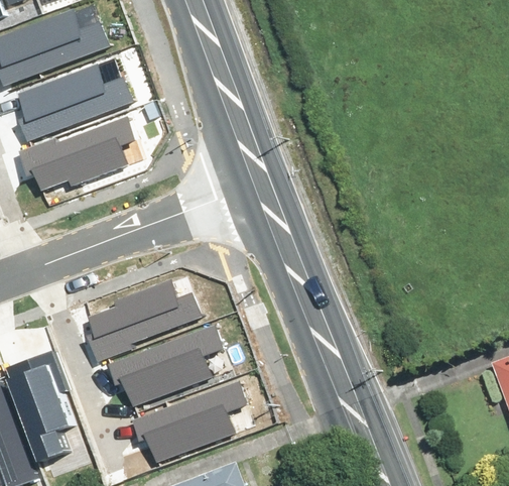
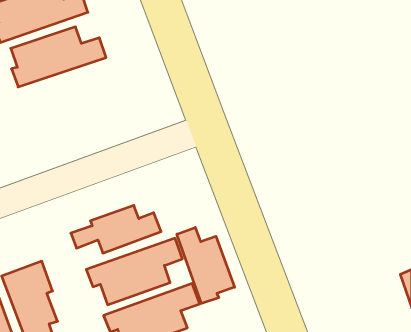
building: [21,115,138,195] -> none
building: none -> [177,227,235,303]

